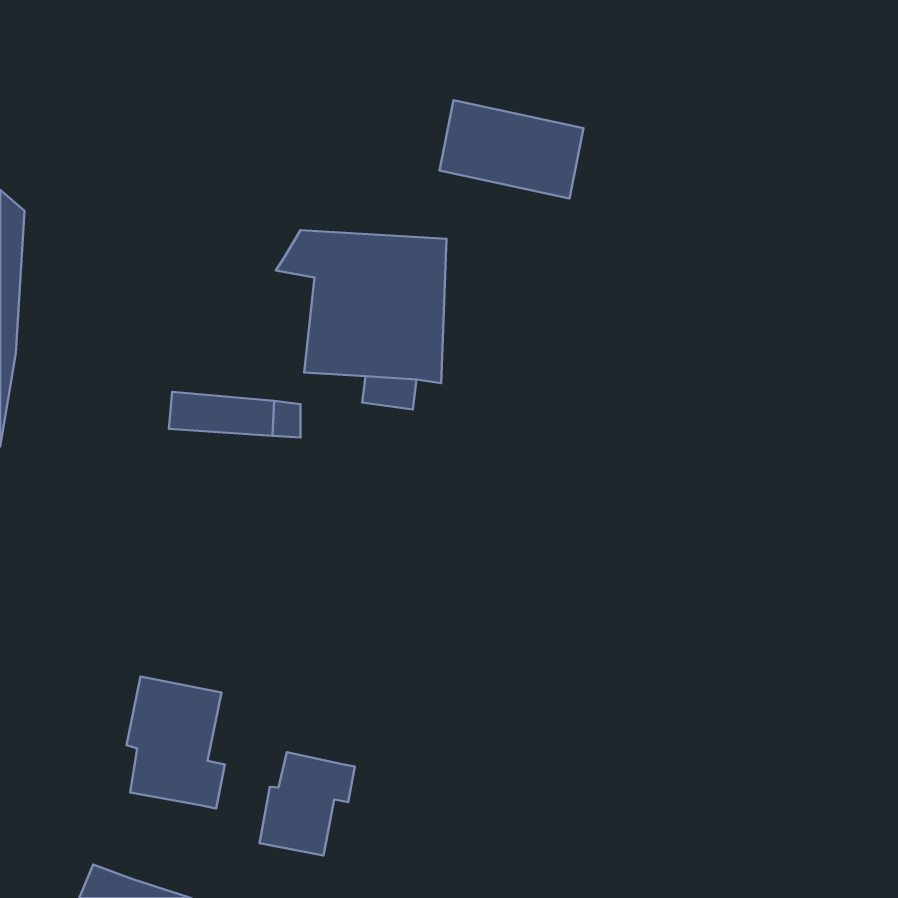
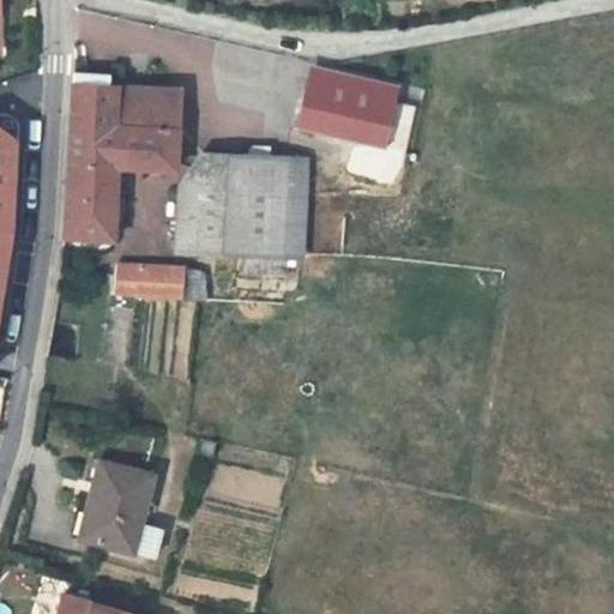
building: none -> [67,84,182,239]
building: none -> [181,185,215,254]
building: [259,752,355,856] -> none

